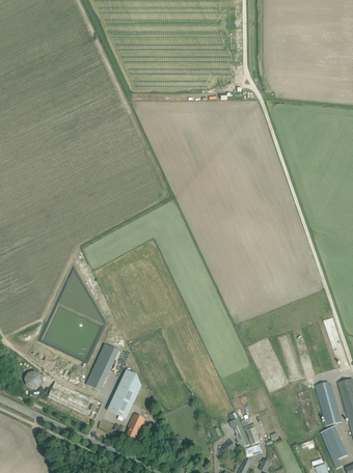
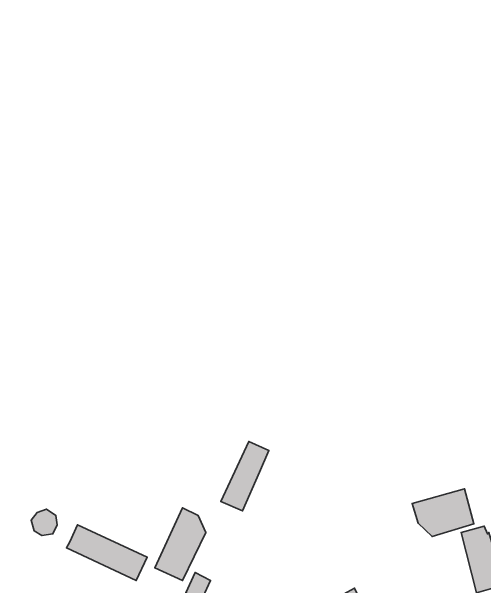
building: [86,343,118,390] -> [221,441,269,511]
building: none -> [412,489,474,537]

